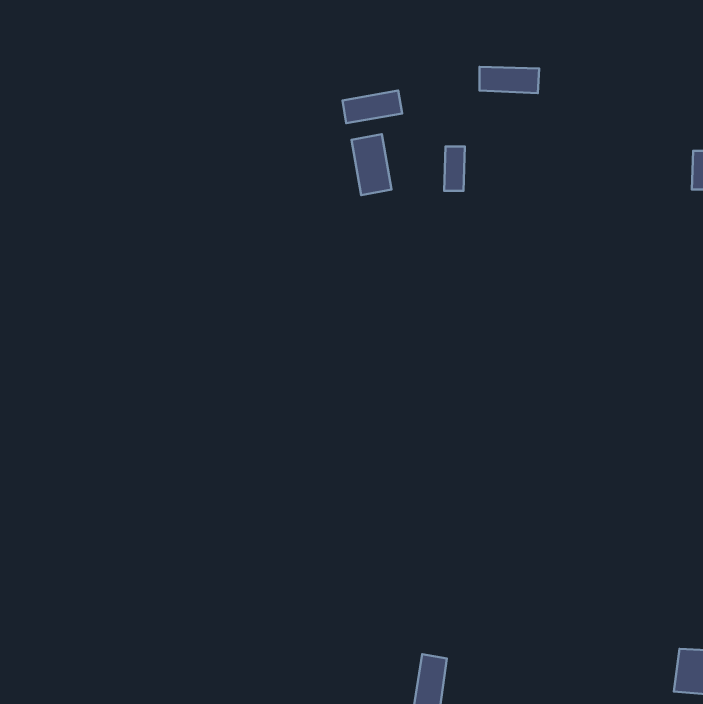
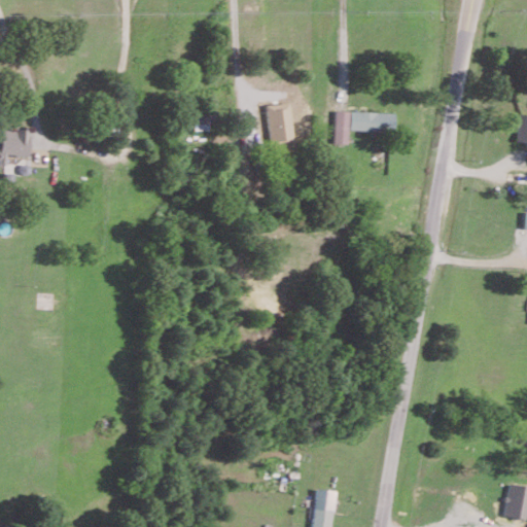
building: [480,67,539,93] -> [350,112,394,132]
building: [342,91,402,123] -> none

